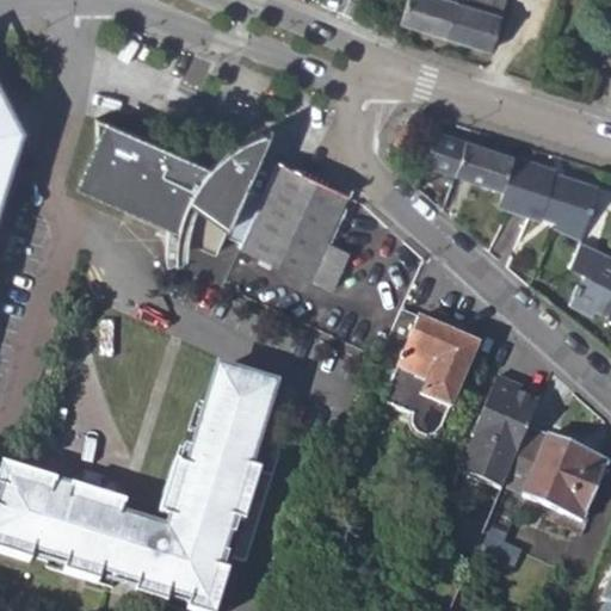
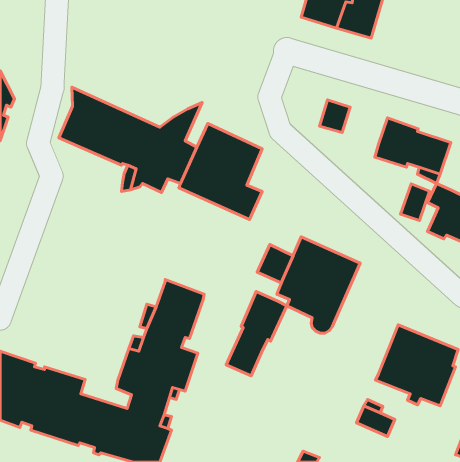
building: [455,141,514,190] -> none
building: none -> [401,184,430,221]
building: none -> [257,245,293,283]
building: [462,378,539,492] -> none
building: none -> [226,292,287,376]

